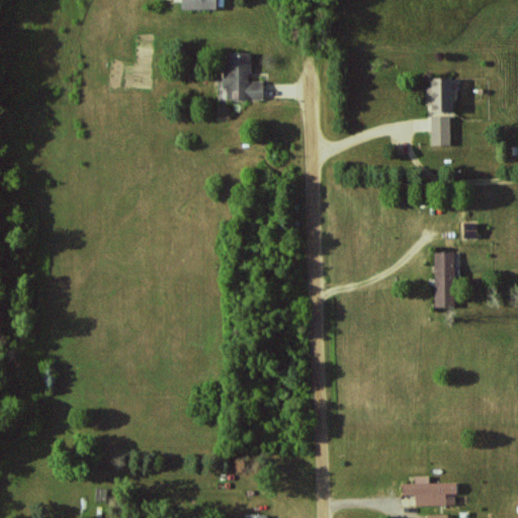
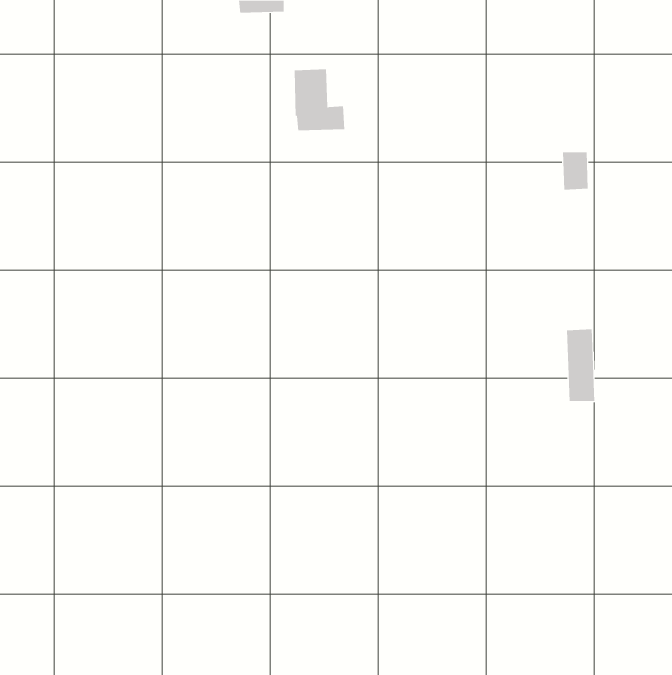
building: [429,79,452,112] -> none
building: [402,476,454,506] -> none

